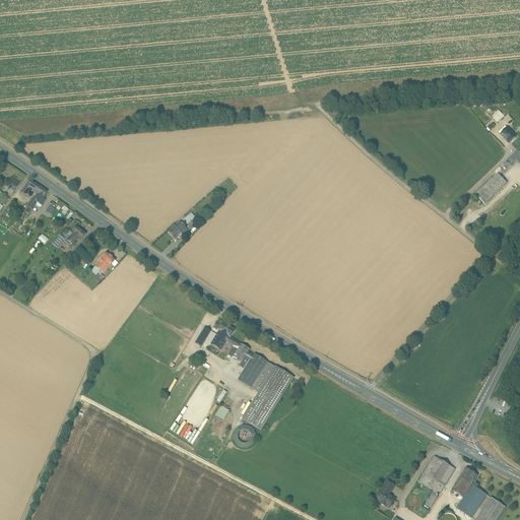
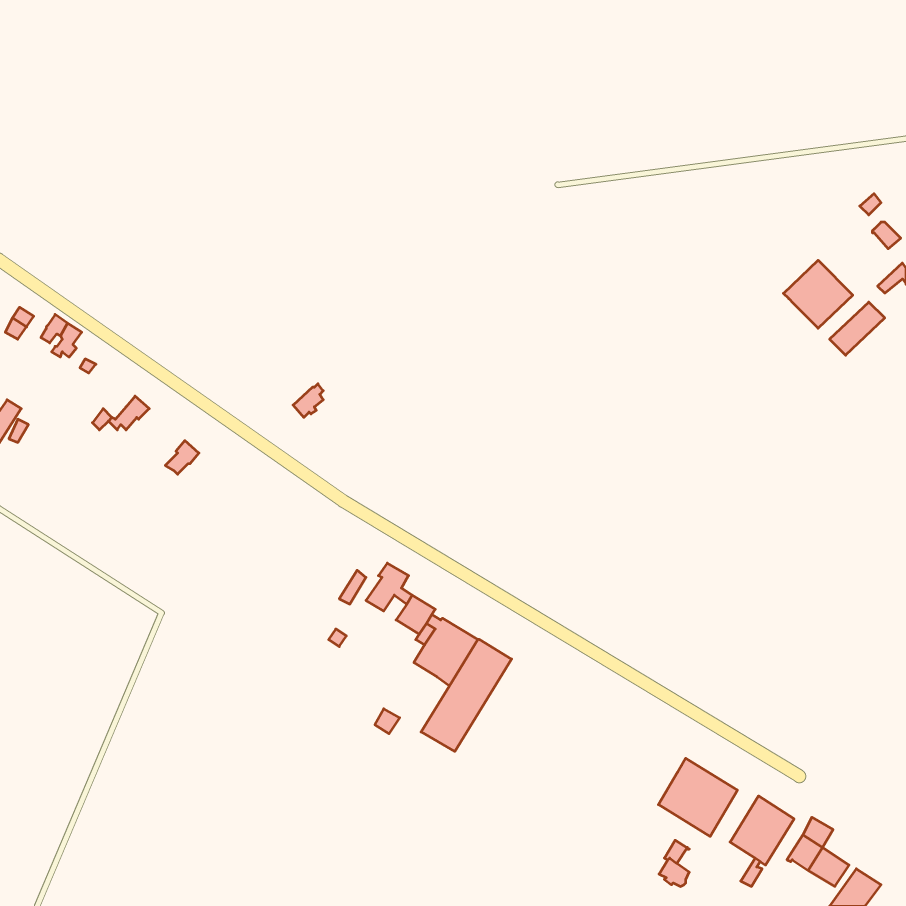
building: none -> [783,260,853,328]
building: none -> [658,758,737,836]

